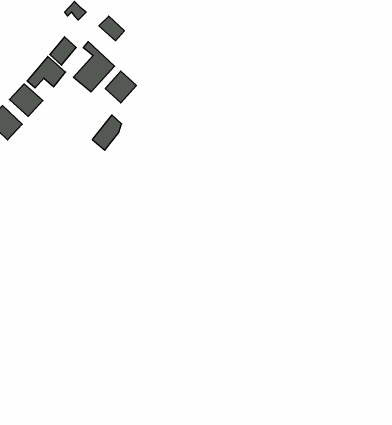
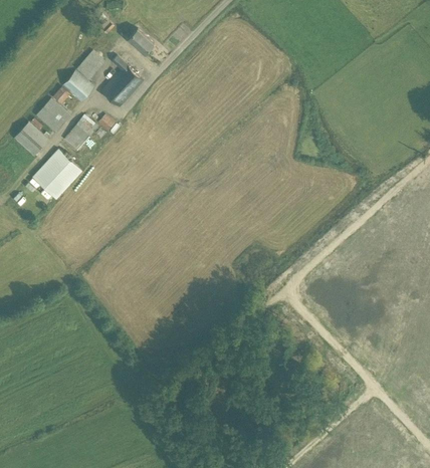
building: [105,71,136,103] -> none
building: [92,115,122,150] -> [64,114,94,151]
building: none -> [33,149,81,198]

